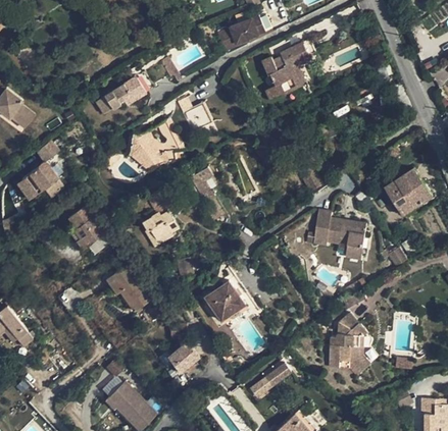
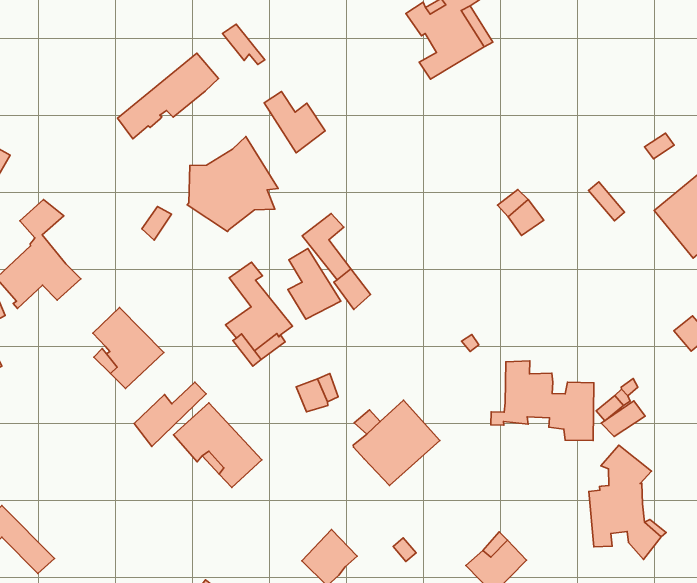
building: none -> [288,248,341,319]
building: [306,211,365,260] -> [491,361,594,441]
building: none -> [134,382,206,447]

